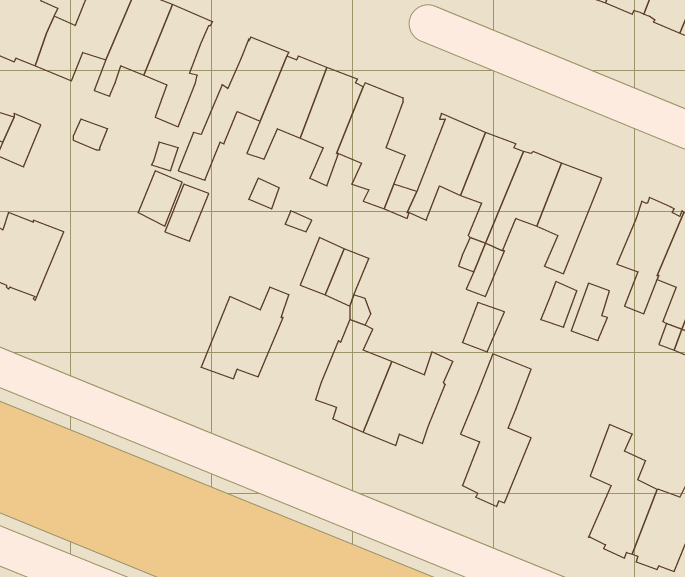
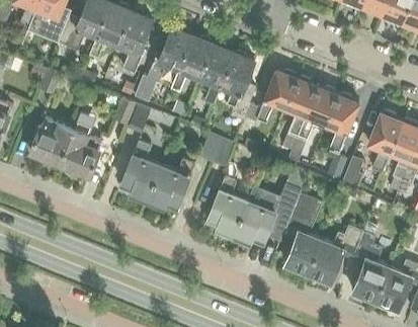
building: none -> [58,130,98,176]
building: none -> [119,142,161,201]
building: none -> [307,225,362,282]

